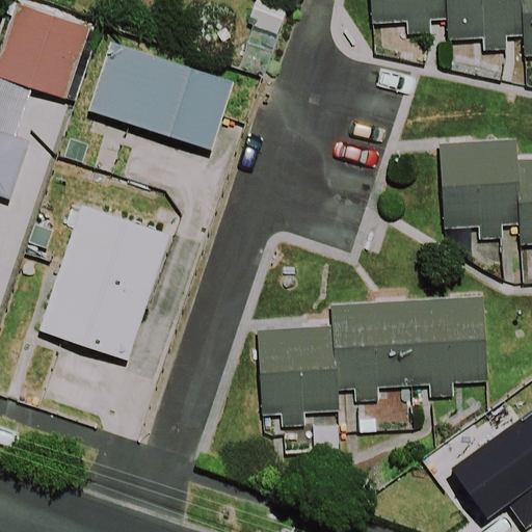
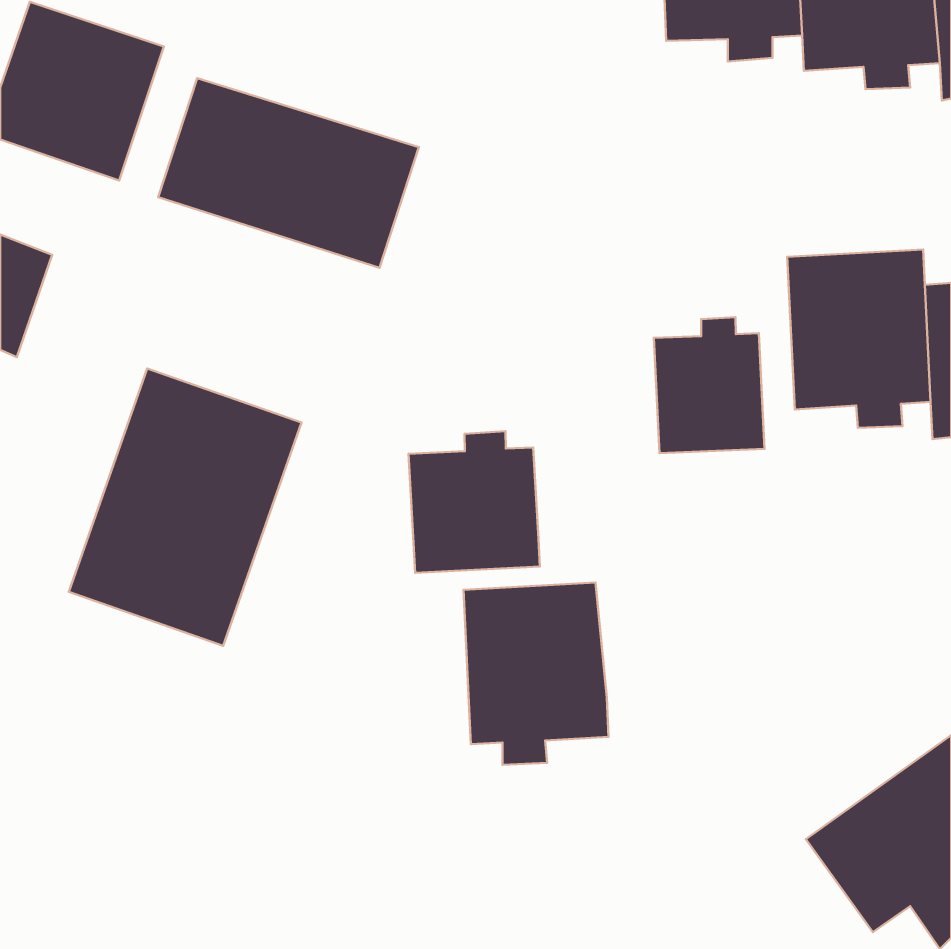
building: none -> [654,317,764,453]
building: none -> [408,431,540,573]
building: [331,295,488,401] -> none

